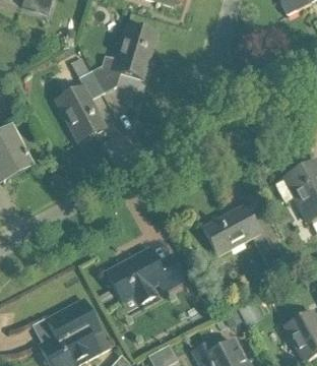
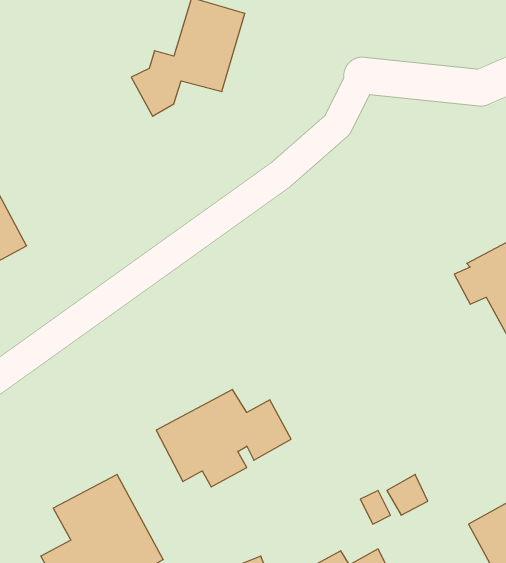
building: [55,57,105,142] -> none
building: [203,204,286,265] -> none

